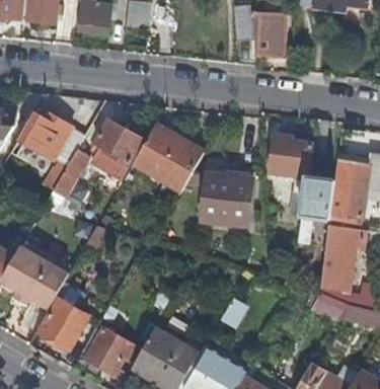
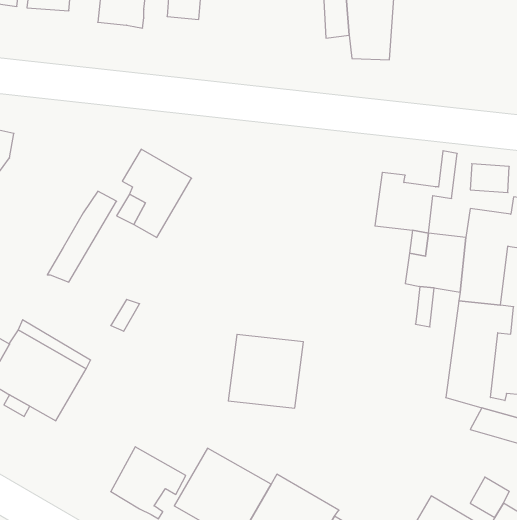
building: [19,111,85,188] -> none
building: [134,125,204,189] -> none
building: [201,173,253,225] -> [228,334,303,408]
building: [40,300,88,349] -> none

